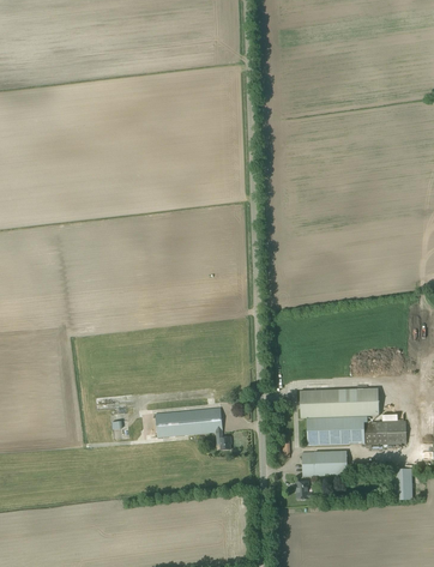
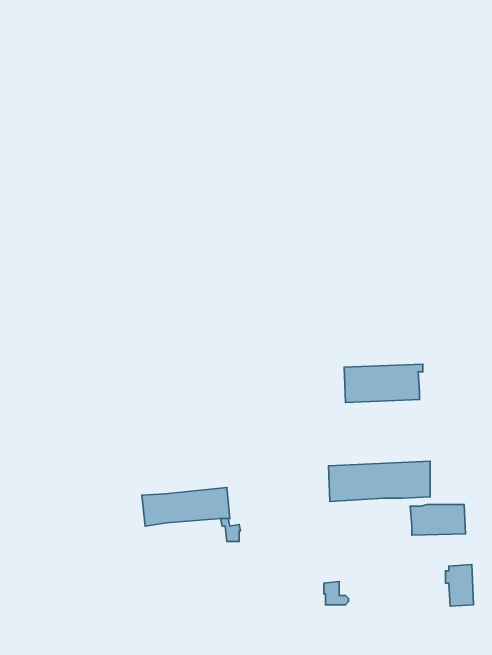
building: [306,416,367,446] -> [344,364,423,403]
building: [302,450,348,476] -> none

